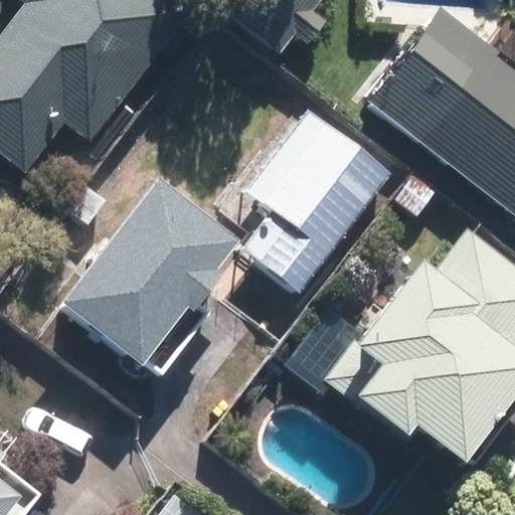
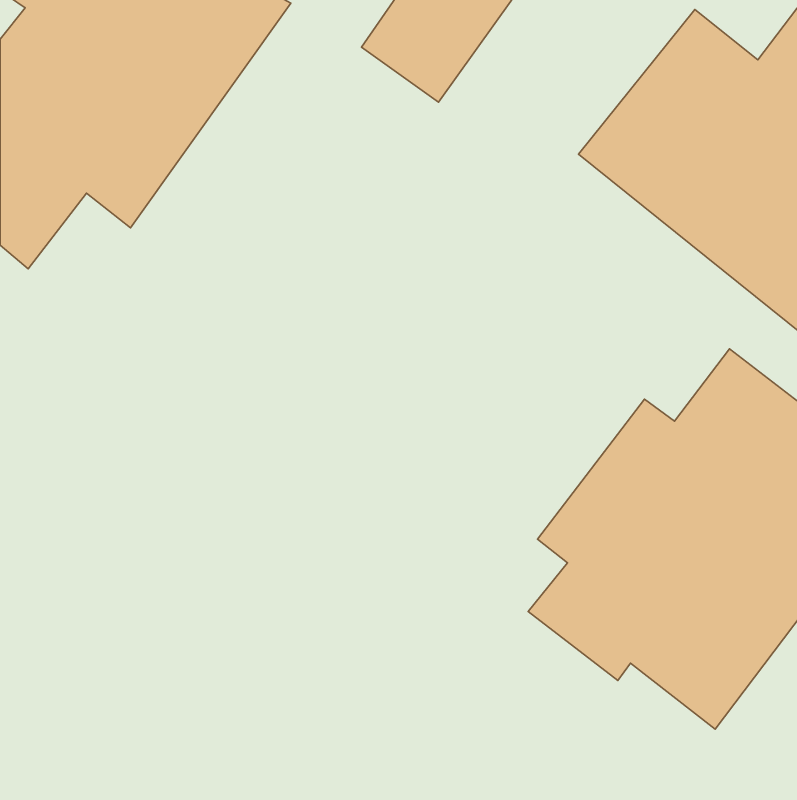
building: [234,114,392,300] -> none
building: [57,170,240,369] -> none

